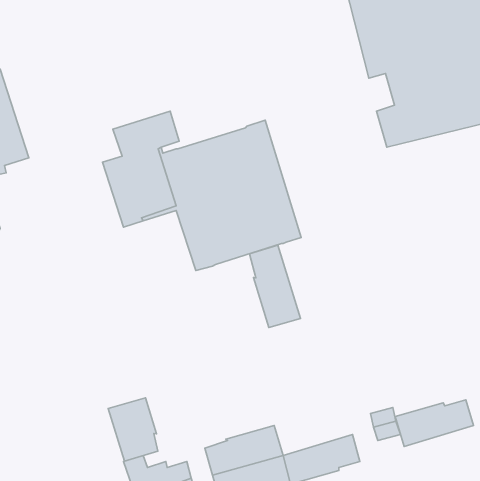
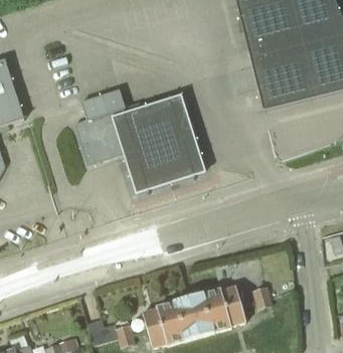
building: [250,245,301,328] -> none
building: [108,398,158,461] -> none
building: [395,400,473,447] -> [188,286,240,317]

